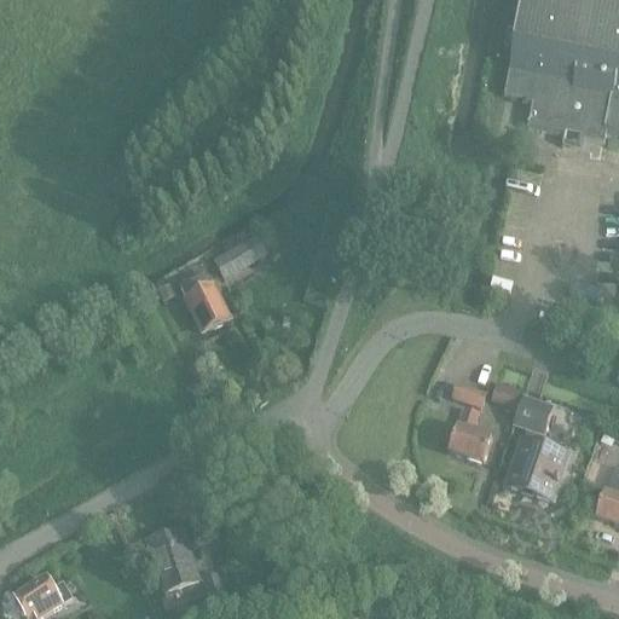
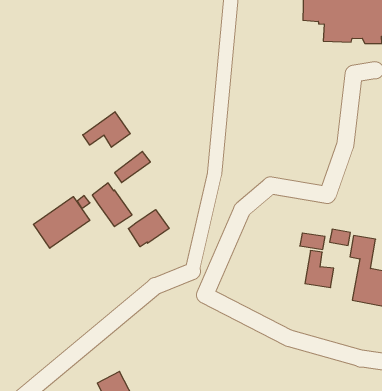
building: none -> [83,112,130,147]
building: none -> [33,197,90,248]
building: none -> [128,210,169,247]

